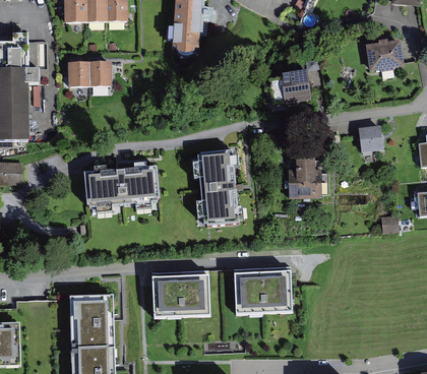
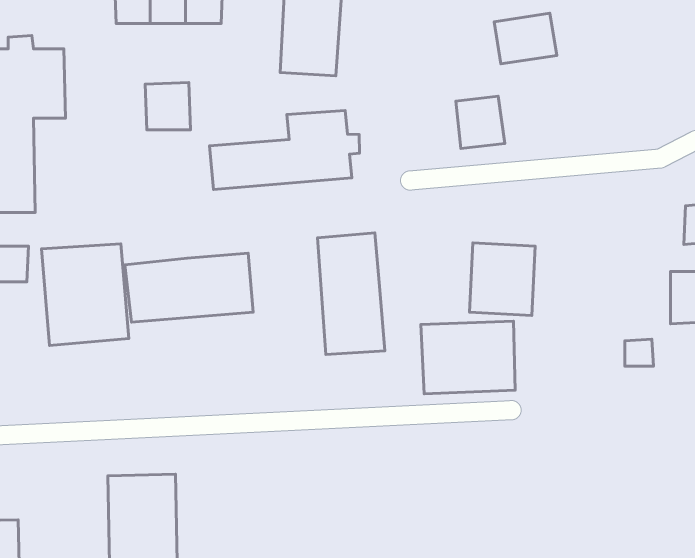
building: [364,37,402,67] -> [494,13,557,64]
building: [72,60,95,88] -> none
building: none -> [209,110,359,189]
building: [360,124,392,151] -> none
building: none -> [41,244,129,346]
building: [233,270,290,314] -> [421,321,515,394]
building: [151,273,208,318] -> none

